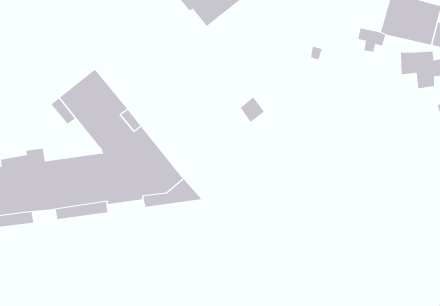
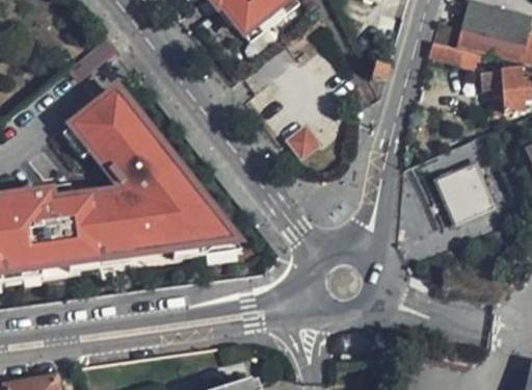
building: none -> [436,161,497,223]

